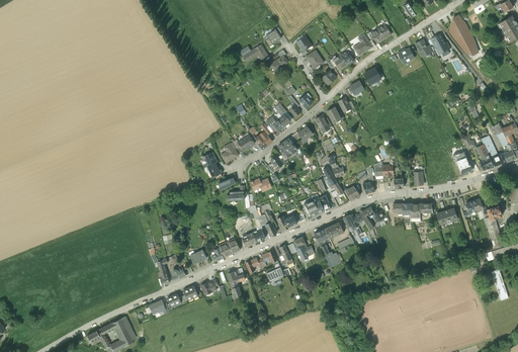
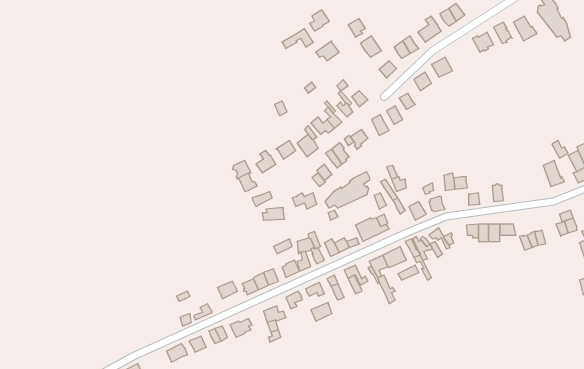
building: none -> [325,172,370,208]

